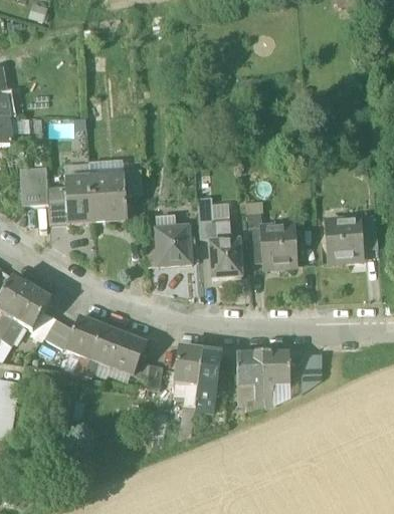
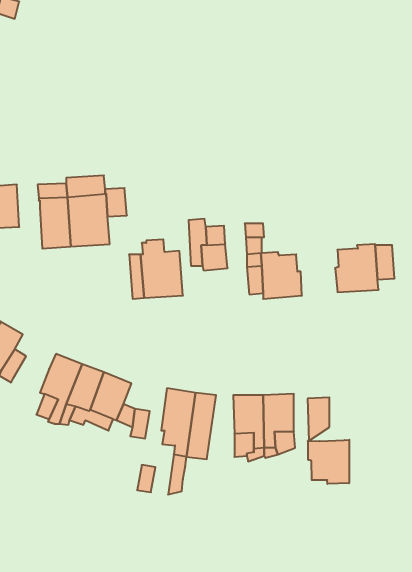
building: [47,186,68,223] -> none
building: [210,239,241,277] -> none
building: [43,316,74,348] -> none
building: none -> [308,440,349,484]

